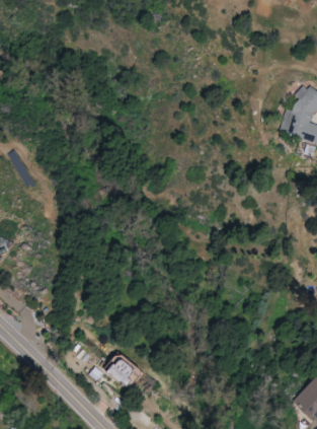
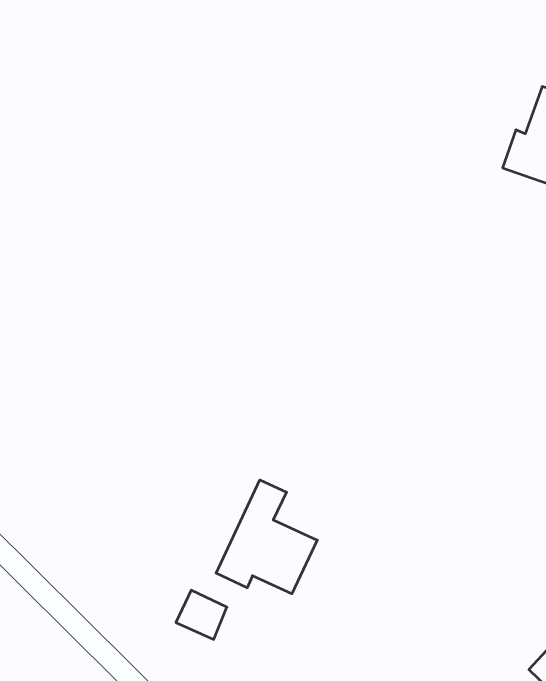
building: none -> [216,480,317,594]

